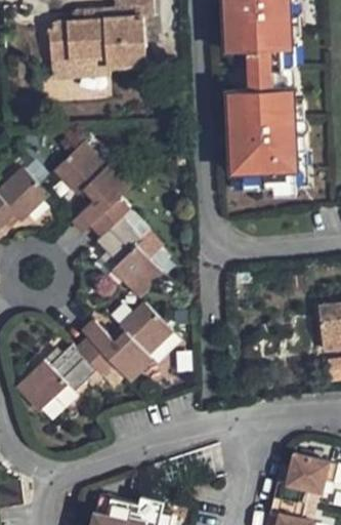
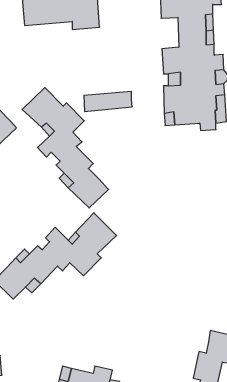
building: [53,57,115,83] -> [84,91,132,112]

